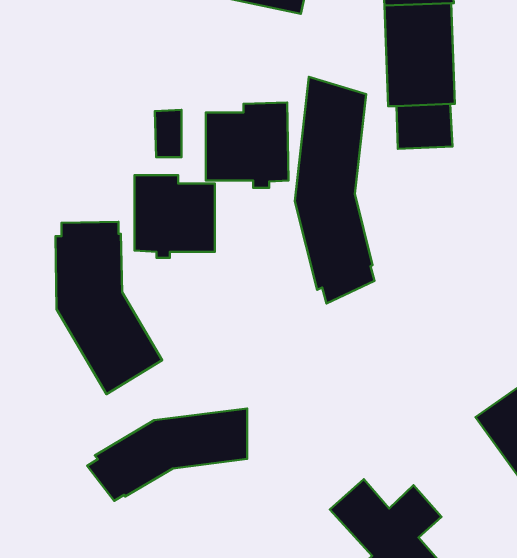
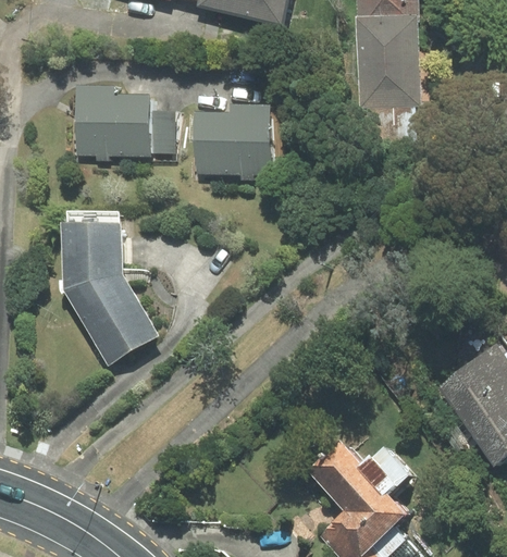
building: [295,77,374,304] -> none
building: [135,175,215,258] -> [77,87,149,161]
building: [87,408,247,501] -> none

